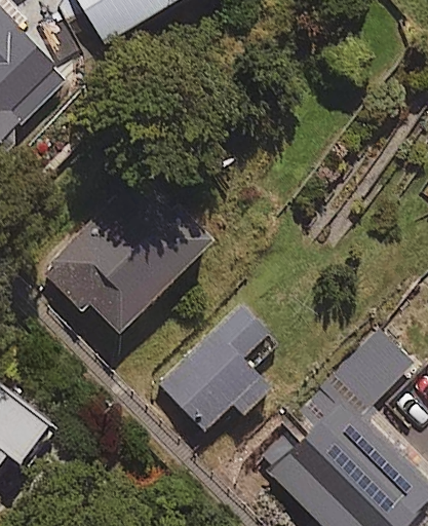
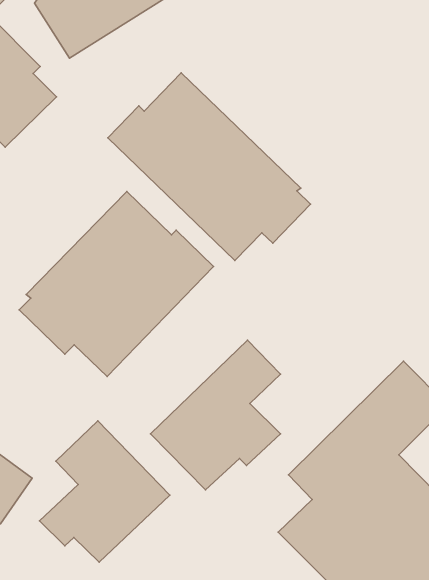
building: none -> [108,73,311,261]
building: none -> [39,421,170,562]

